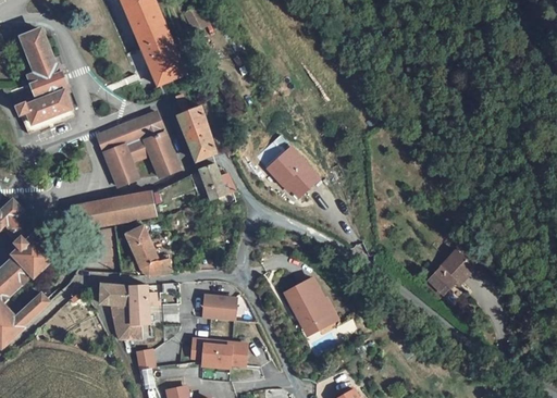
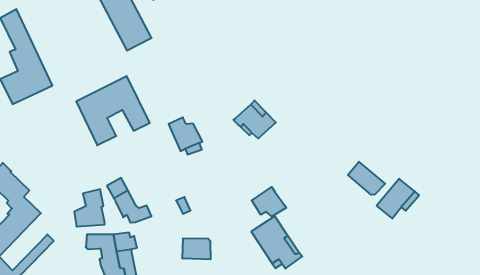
building: [182,108,216,159] -> none
building: [83,191,152,227] -> none
building: none -> [348,162,385,195]
building: none -> [252,187,286,216]

